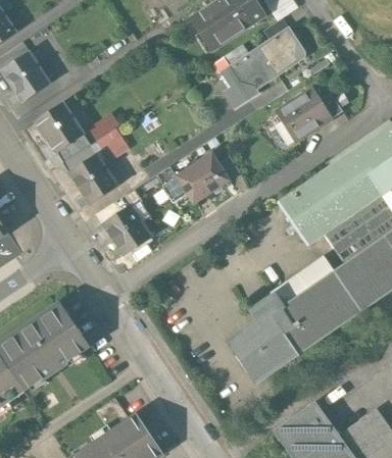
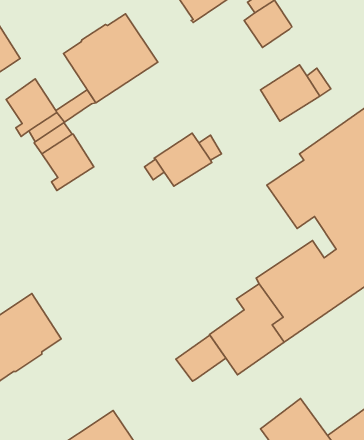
building: none -> [64,14,158,103]
building: [223,48,277,109] -> none
building: [90,126,132,162] -> none
building: [103,206,151,259] -> none
building: none -> [176,335,226,381]

